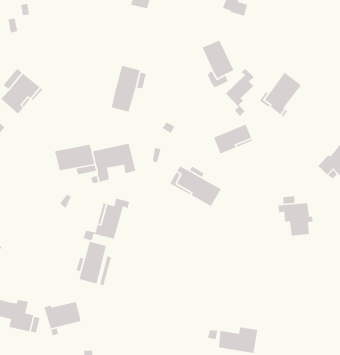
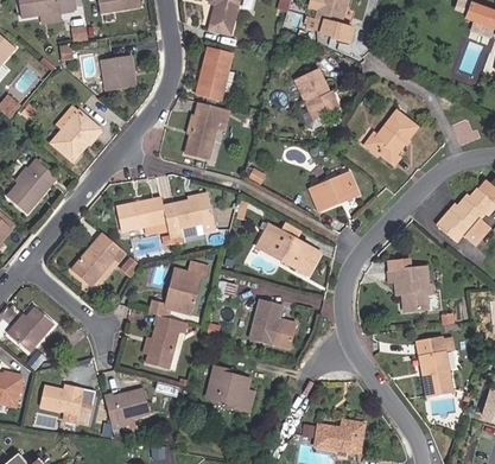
building: none -> [196,46,233,101]
building: none -> [101,55,135,90]
building: [225,68,255,117] -> none
building: none -> [71,233,126,285]
building: none -> [249,298,294,348]
building: none -> [417,337,452,395]
building: none -> [207,366,256,411]

